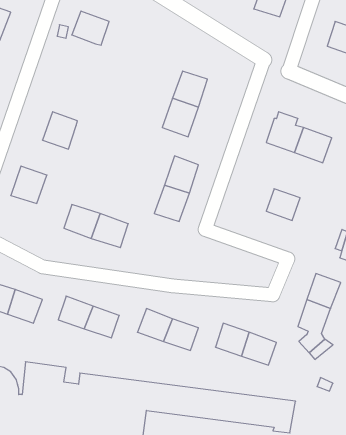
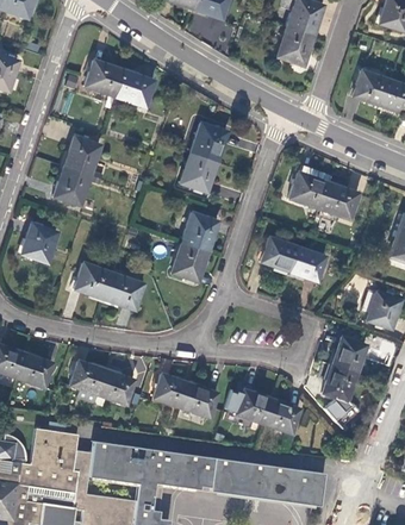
building: none -> [114,70,152,106]
building: none -> [63,136,100,175]
building: none -> [260,237,297,270]

